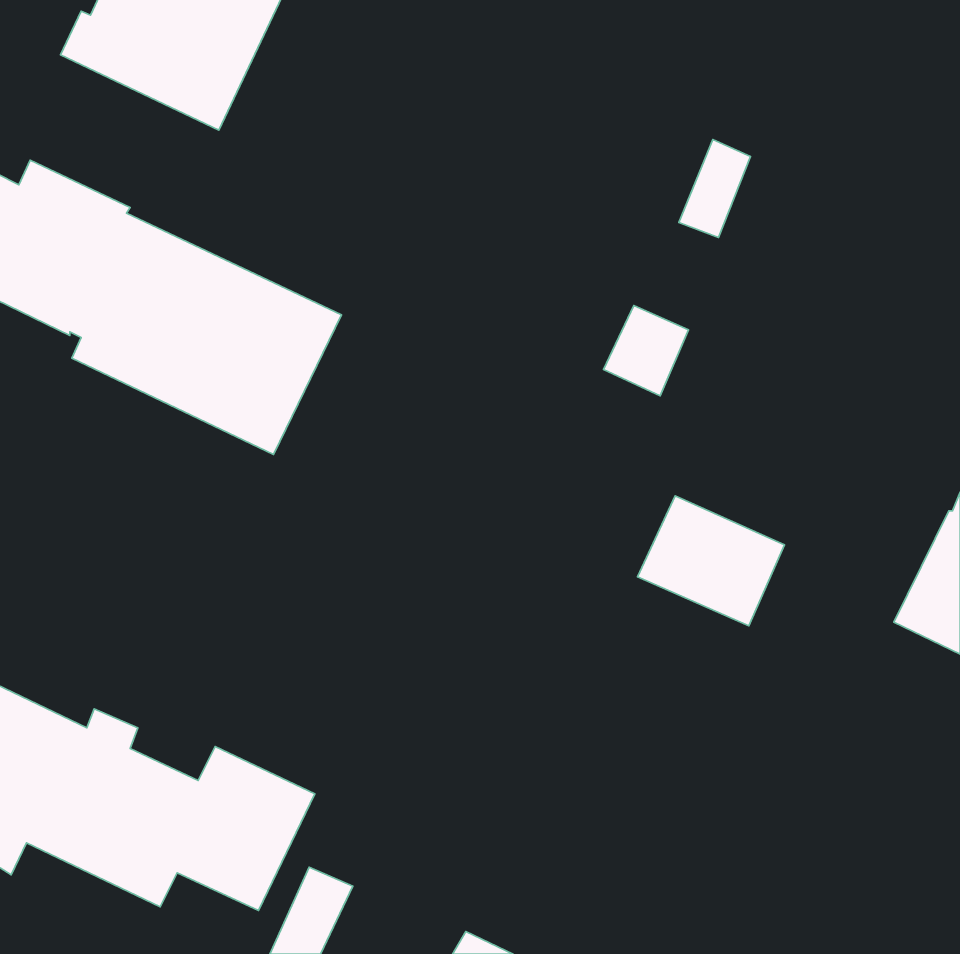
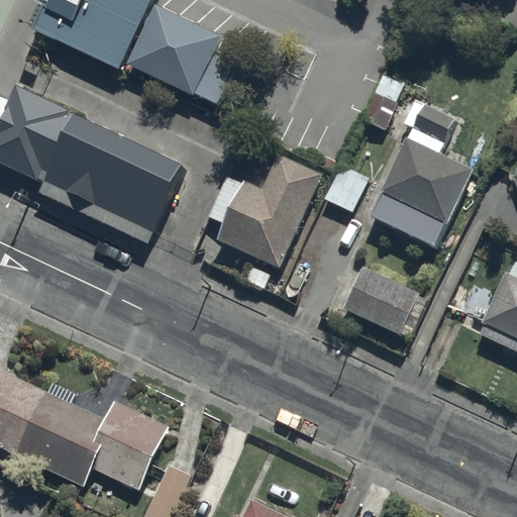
building: none -> [127,5,234,102]
building: none -> [372,106,473,247]
building: none -> [206,156,321,269]

